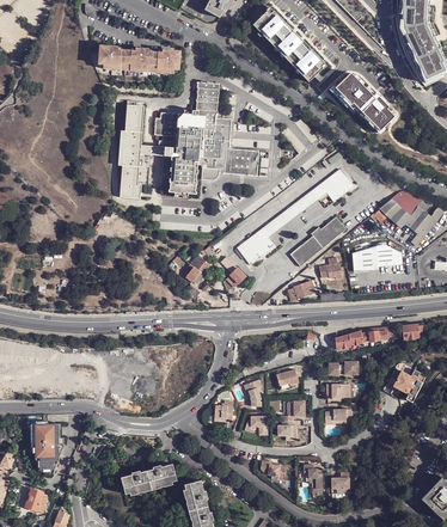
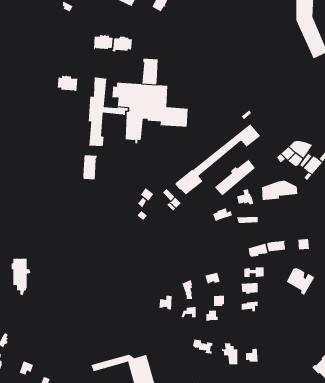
building: [255,11,326,84] -> none
building: [99,45,128,68] -> [57,75,78,92]
building: [331,73,390,133] -> none
building: none -> [83,154,97,180]
building: [33,423,61,474] -> [11,258,31,296]
building: [120,464,176,495] -> none

